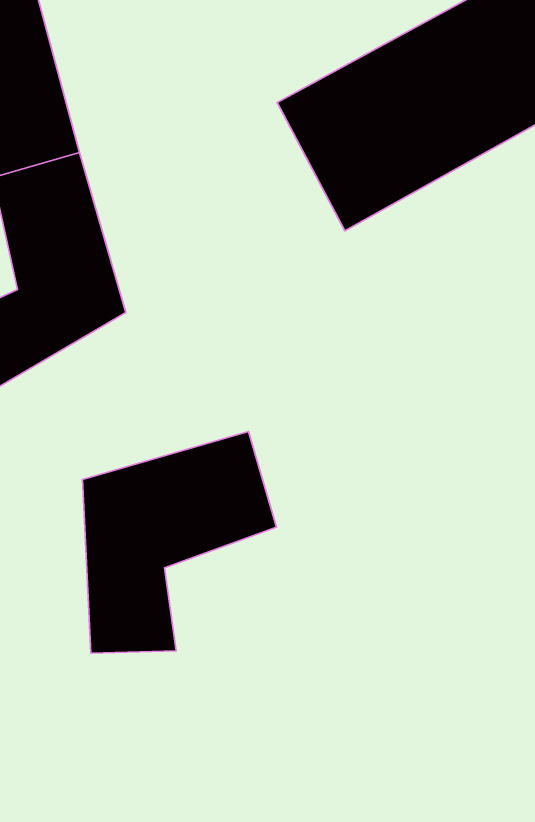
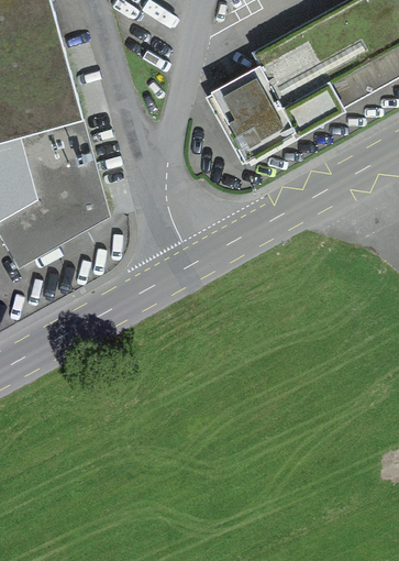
building: [83,431,276,653] -> none

